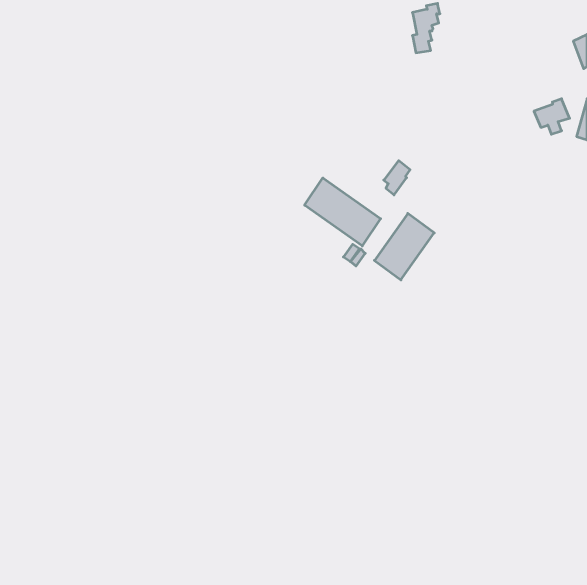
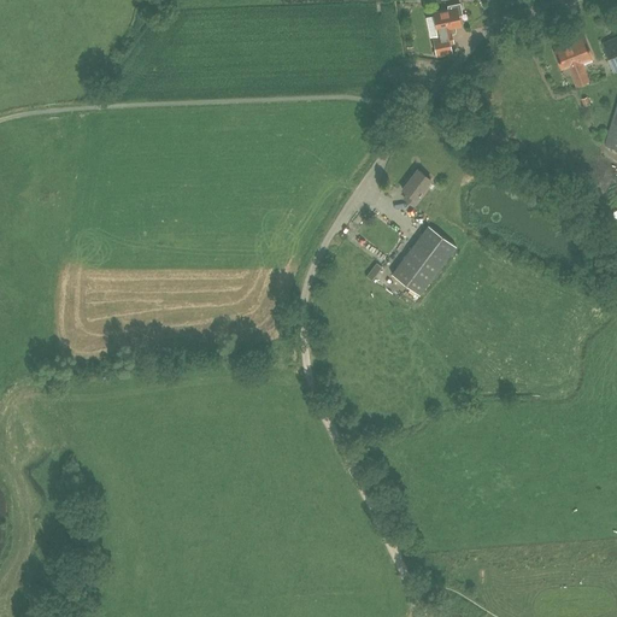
building: [534,99,570,134] -> [554,39,592,76]
building: [305,178,381,246] -> none

